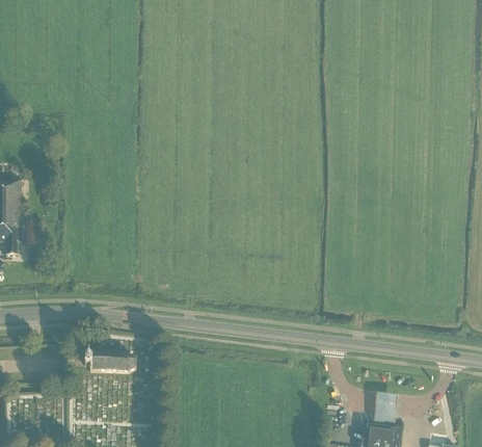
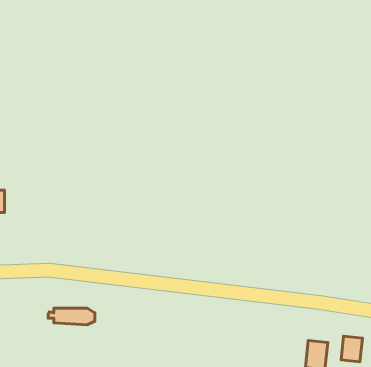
building: none -> [341,336,362,362]

